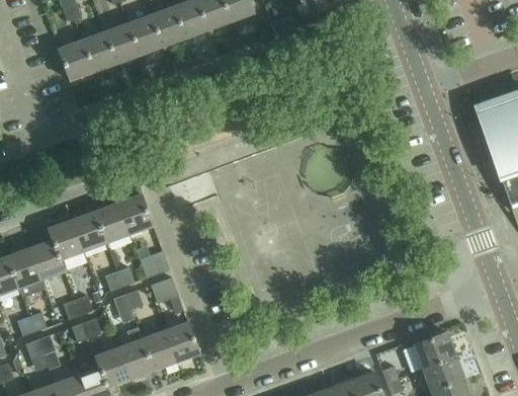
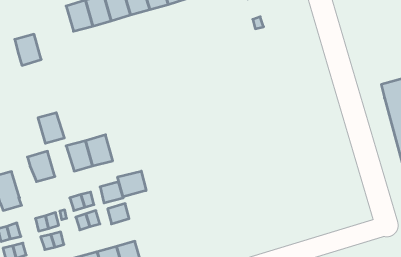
building: [59,39,93,79] -> [15,34,41,65]
building: [72,212,106,250] -> [38,113,64,143]
building: none -> [118,171,146,197]
building: [29,240,65,280] -> none

